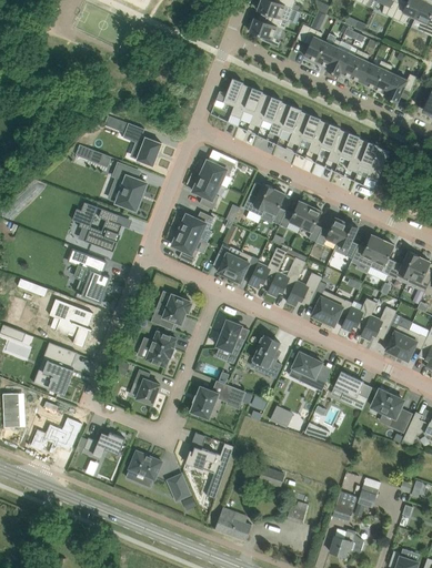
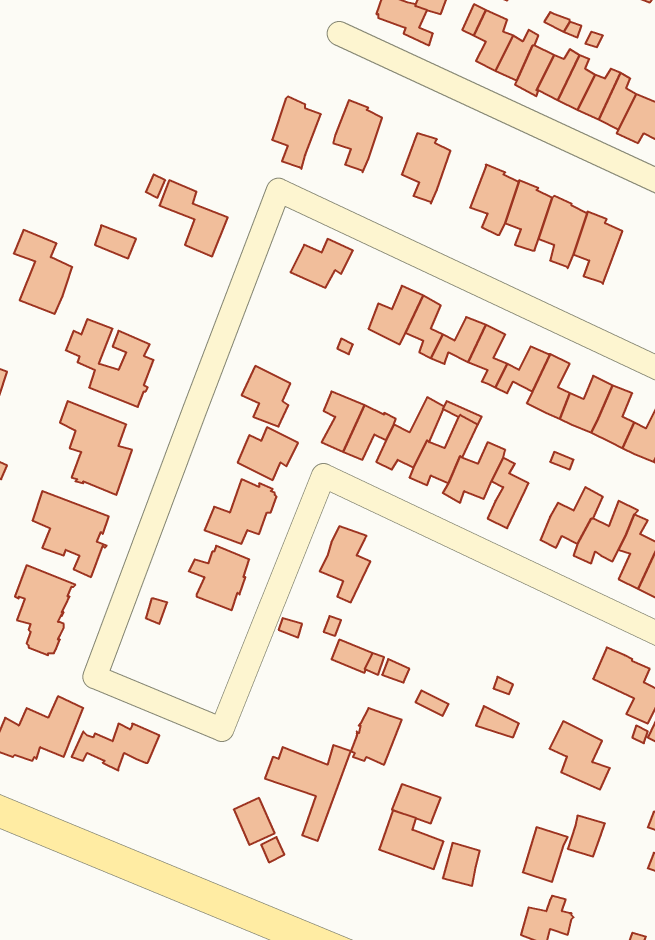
building: [243,87,271,128] -> [272,97,321,169]
building: [282,105,310,145] -> none
building: [112,162,145,210] -> [14,230,72,314]
building: [192,175,219,210] -> none
building: [179,209,213,239] -> [238,427,298,480]
building: [322,295,352,326] -> none
building: [253,335,281,377] -> none
building: [292,352,326,390] -> none
building: [133,368,160,404] -> none
building: [332,373,366,412] -> [549,721,610,790]
building: [190,386,219,418] -> [351,708,402,765]
building: [125,450,161,487] -> none
building: [214,507,251,540] -> [379,810,444,869]

